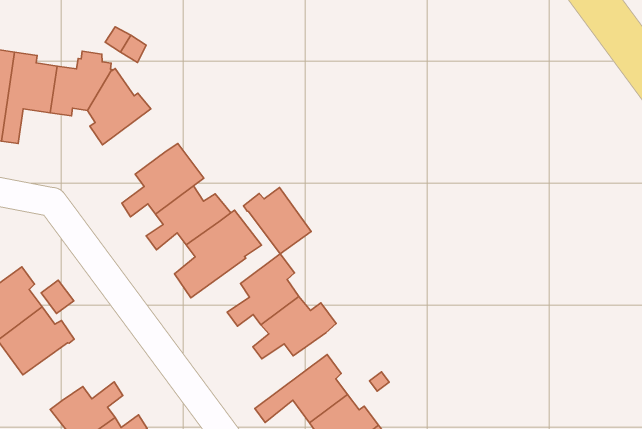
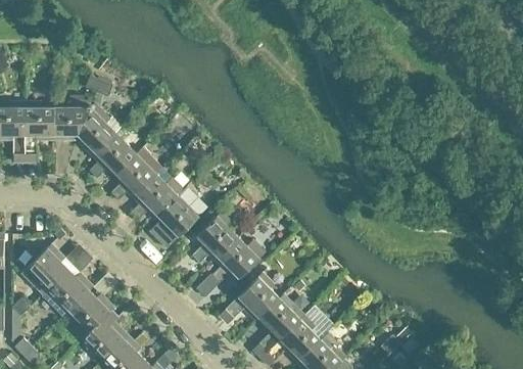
building: none -> [90,127,136,178]
building: [243,188,311,254] -> none
building: none -> [62,290,113,336]

